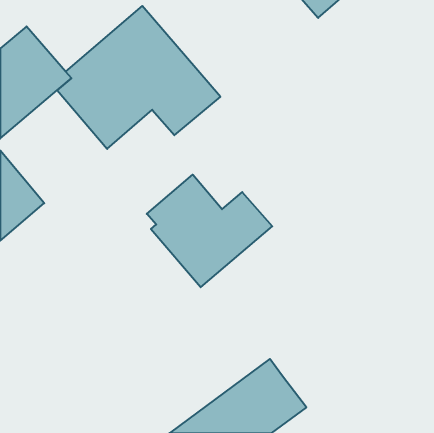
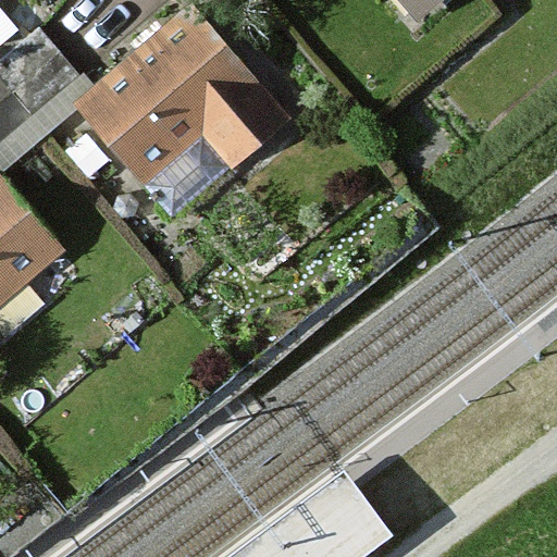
building: [147,175,272,287] -> none

